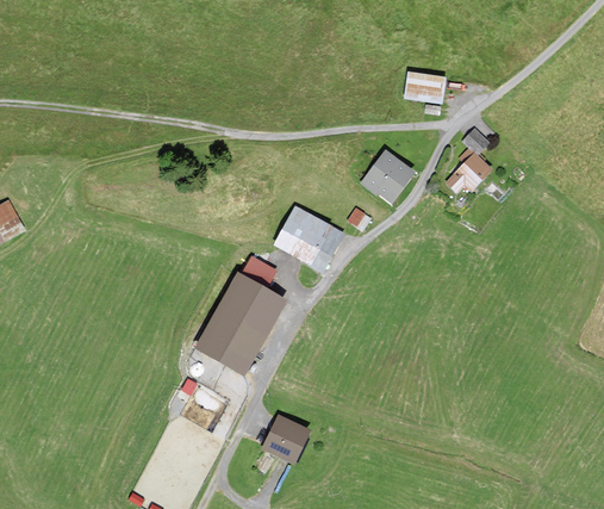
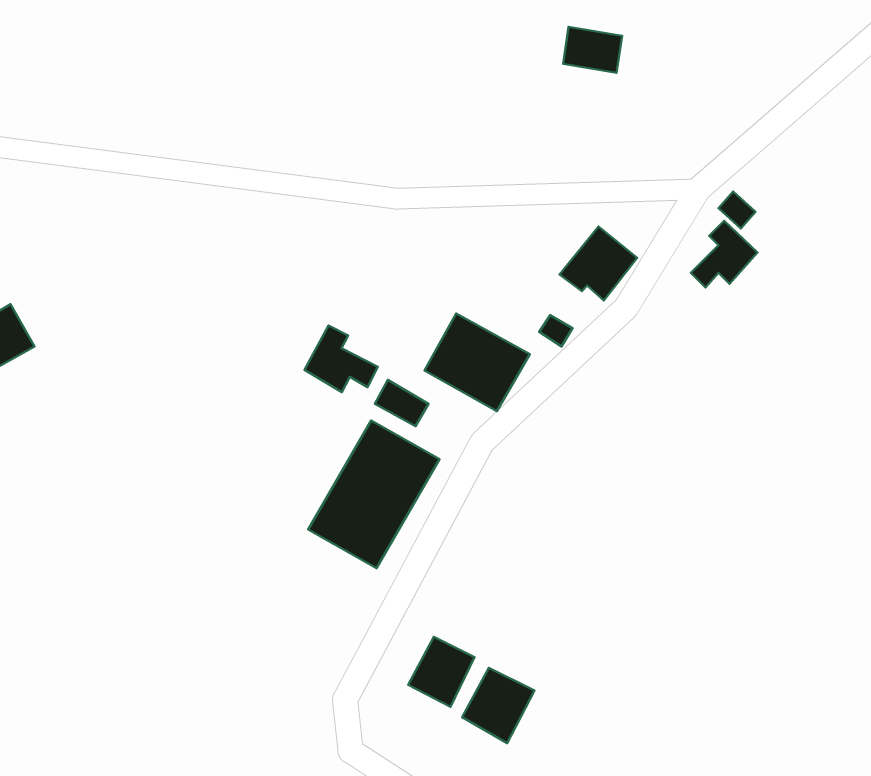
building: [405,72,443,101] -> [563,27,622,73]
building: none -> [304,326,378,392]
building: none -> [462,668,535,743]

